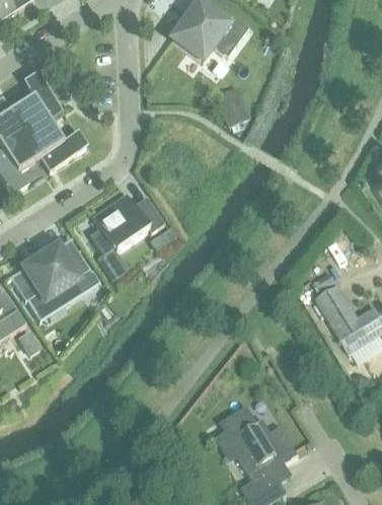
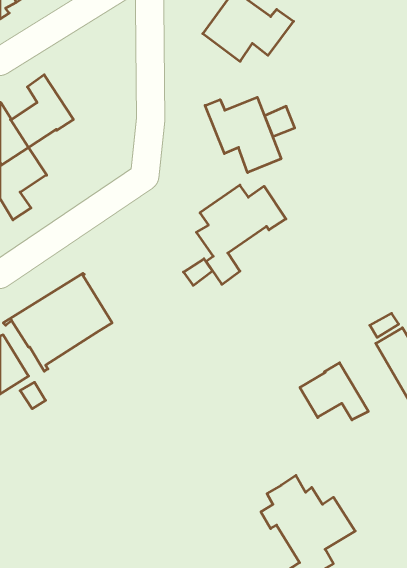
building: none -> [205,97,281,173]
building: [25,119,86,171] -> none
building: [89,196,164,279] -> [196,185,286,284]
building: none -> [300,363,368,420]

